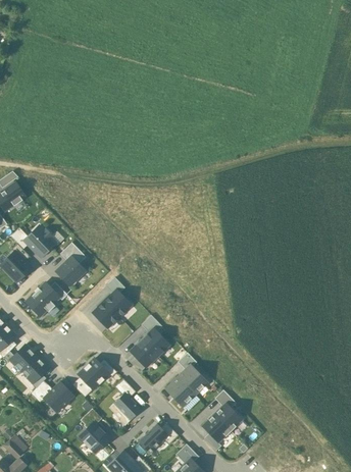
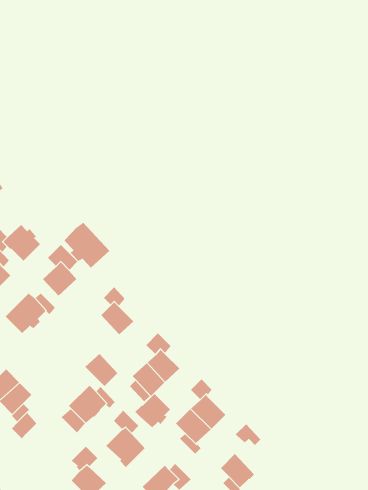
building: none -> [64,222,110,268]
building: [92,301,119,328] -> [85,353,118,387]
building: none -> [135,393,171,428]
building: [43,381,73,412] -> none
building: [214,403,242,431] -> none

